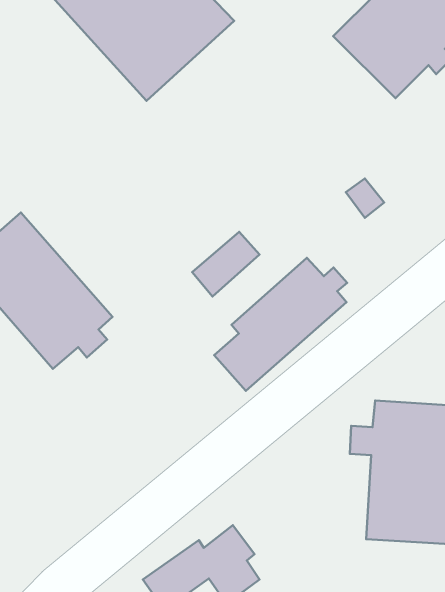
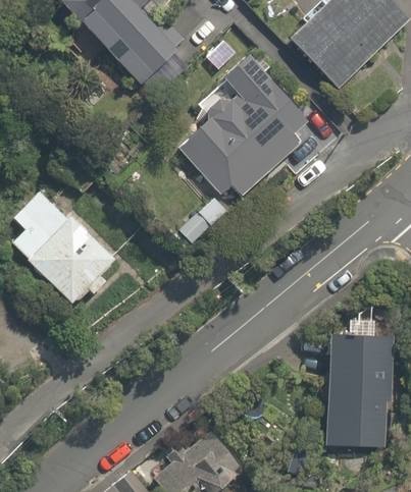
building: none -> [178,47,350,196]
building: [214,258,347,391] -> none

